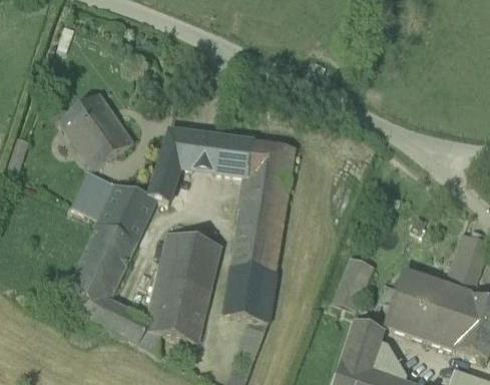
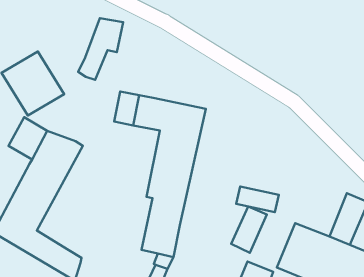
building: [148,129,196,201] -> [78,18,123,80]
building: [148,231,220,341] -> none
building: none -> [236,186,279,212]

